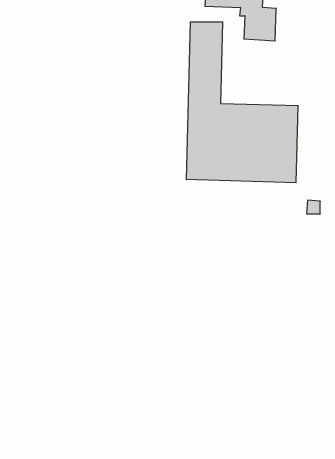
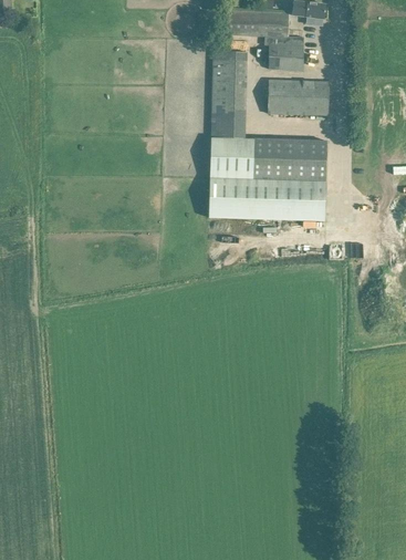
building: none -> [267,79,329,115]

